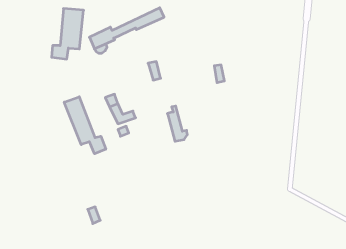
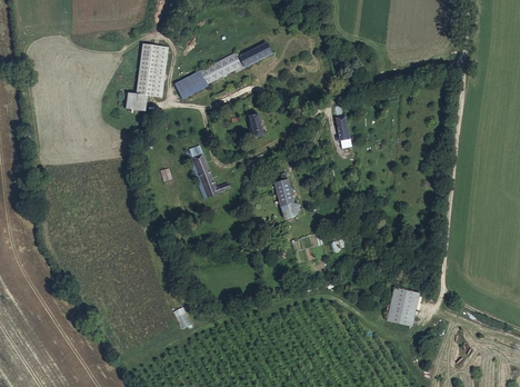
building: [64,97,106,154] -> none
building: none -> [384,287,418,327]

